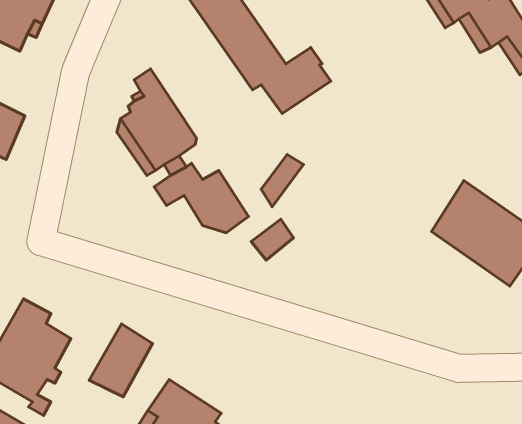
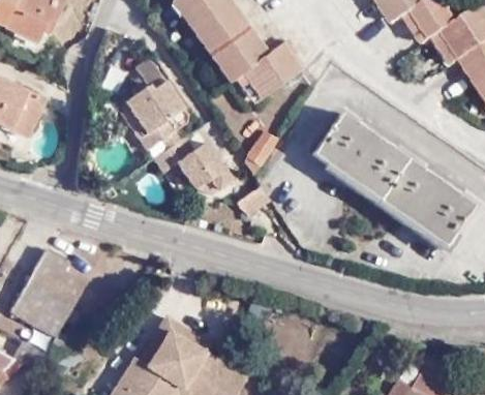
building: none -> [316,110,410,196]
building: [89,324,153,397] -> none

